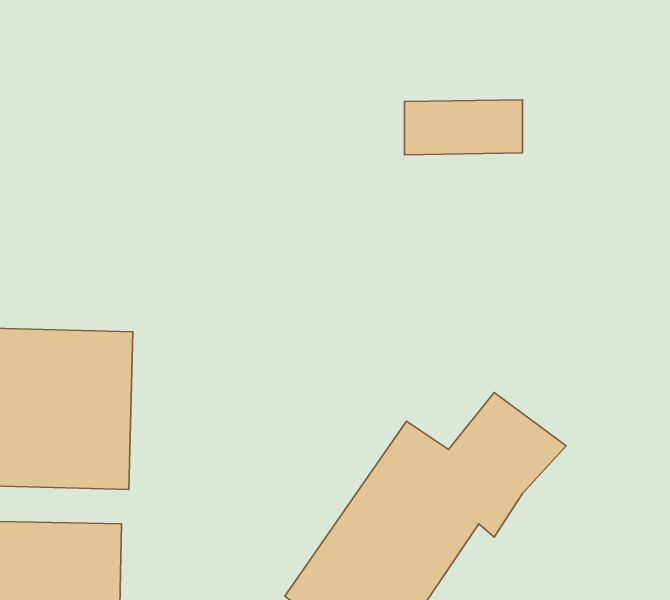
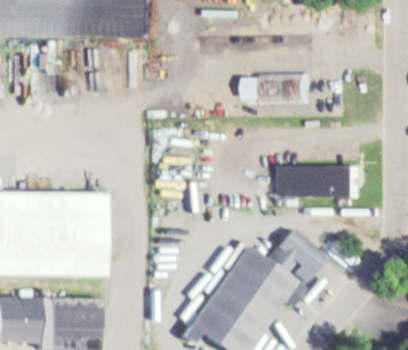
building: none -> [285,165,362,197]

